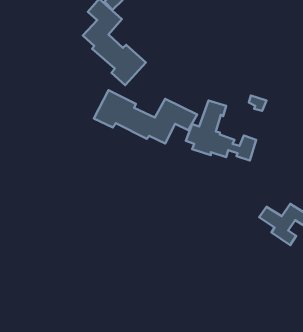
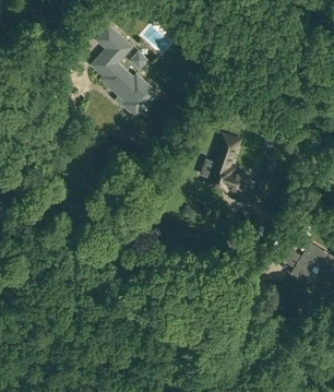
building: [94,90,197,144] -> none

